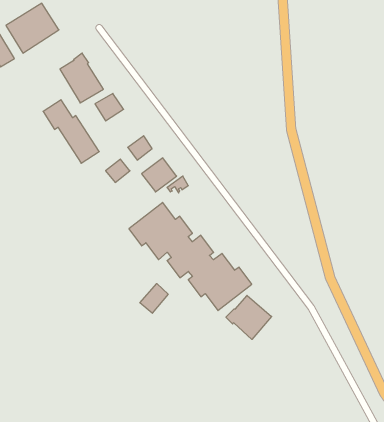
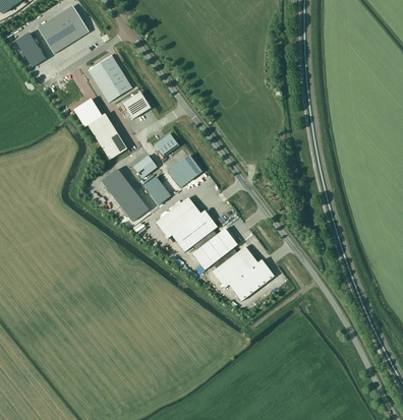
building: none -> [102,167,149,220]
building: none -> [142,176,170,204]
building: [140,284,168,313] -> none
building: [226,295,272,339] -> none

